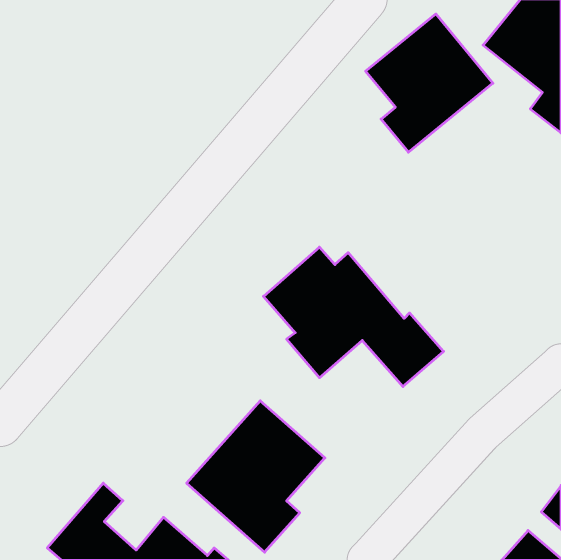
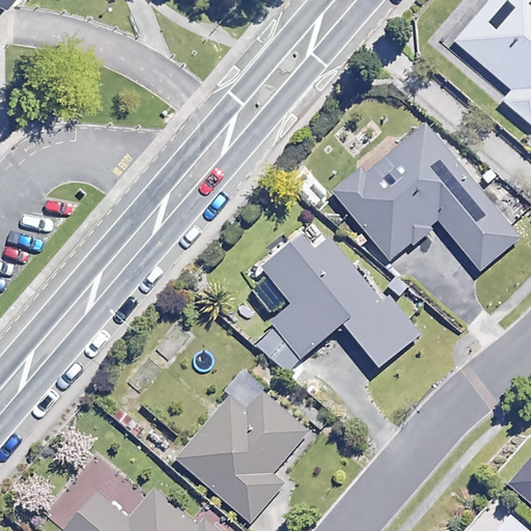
building: [366,14,493,152] -> none
building: none -> [335,125,519,269]

